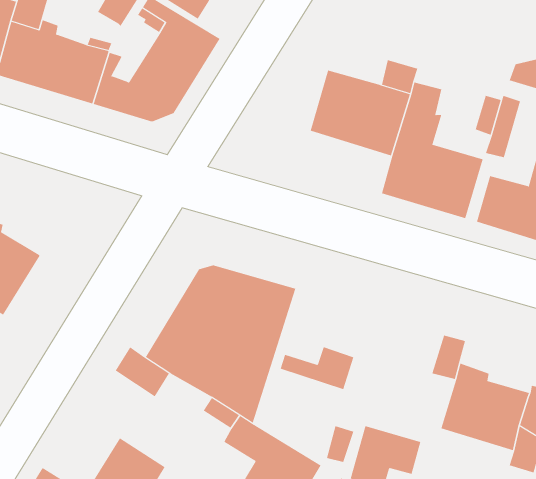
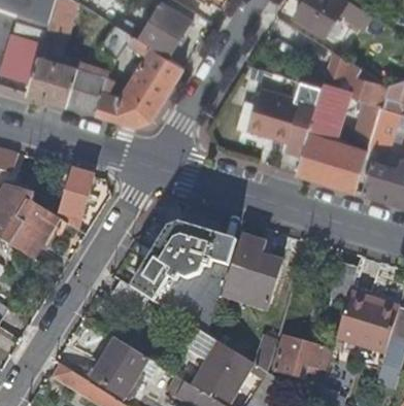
building: none -> [325,52,374,102]
building: none -> [58,169,93,229]
building: none -> [228,236,282,293]

